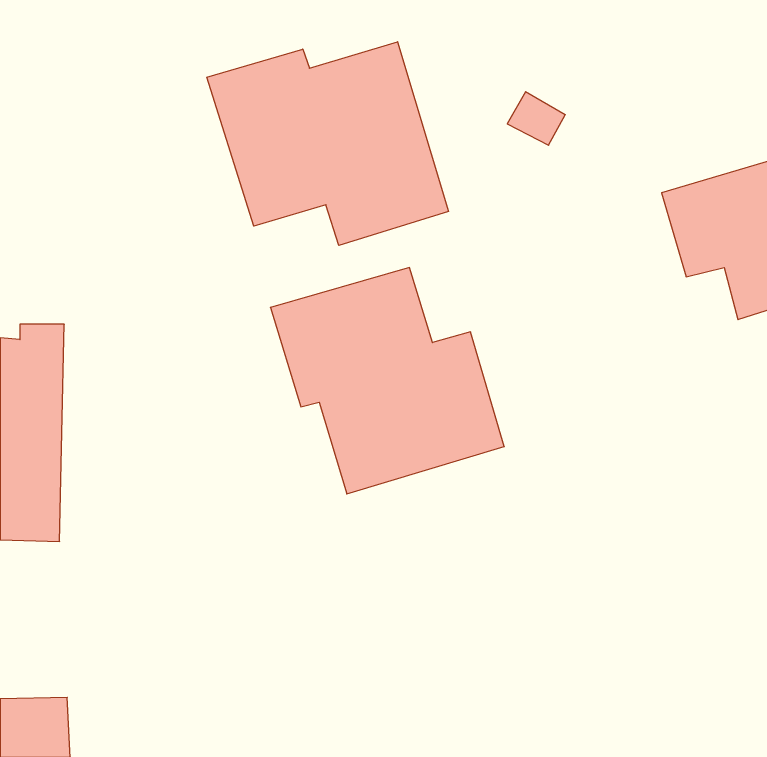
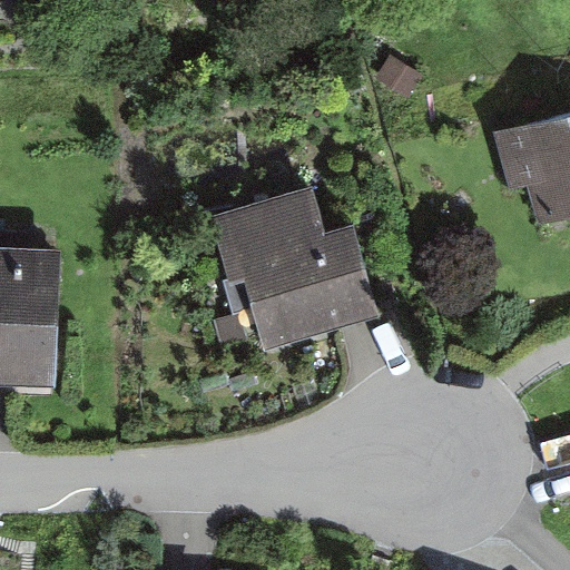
building: [207,42,449,245] -> none

